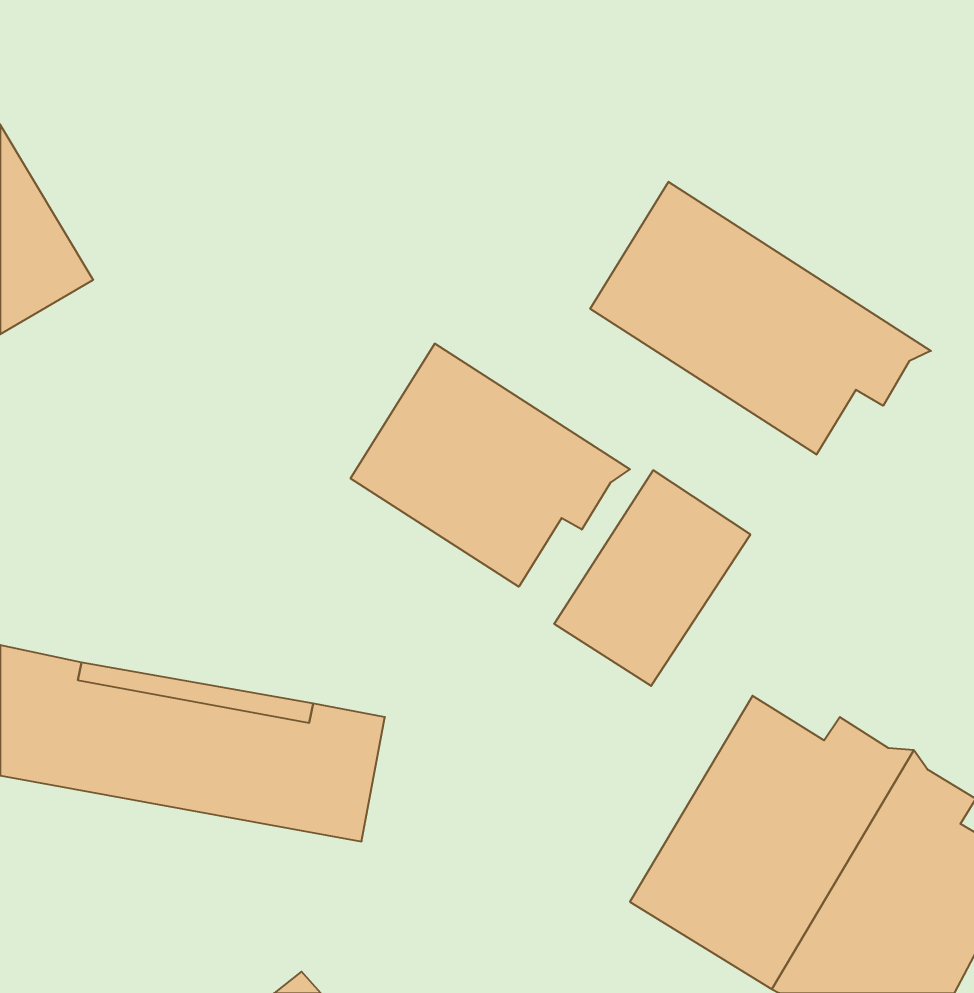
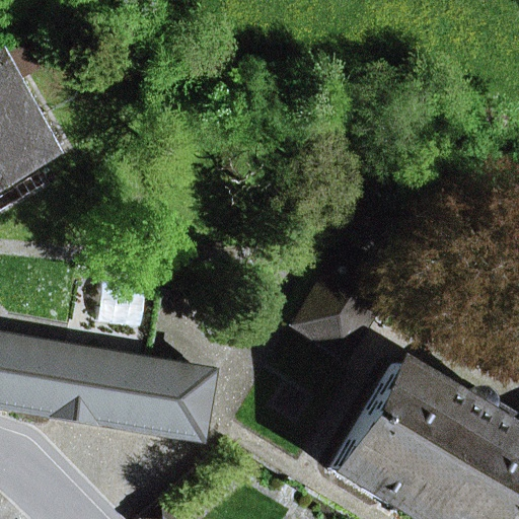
building: [590,182,931,455] -> none
building: [351,343,630,587] -> none

